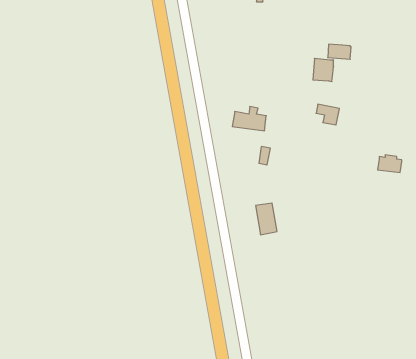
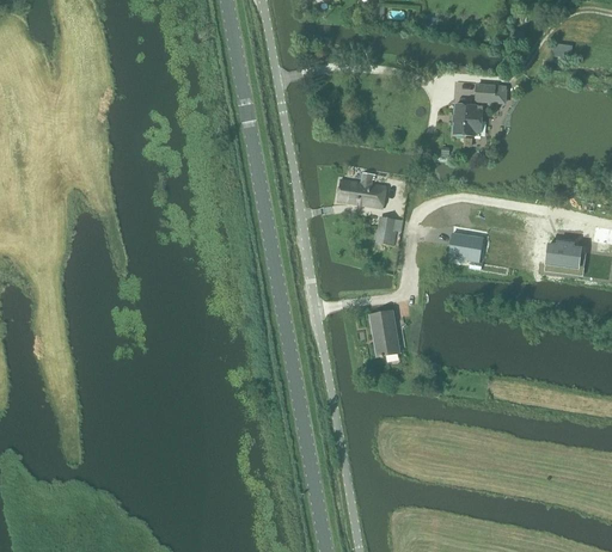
building: [316,104,339,125] -> [449,232,483,262]

